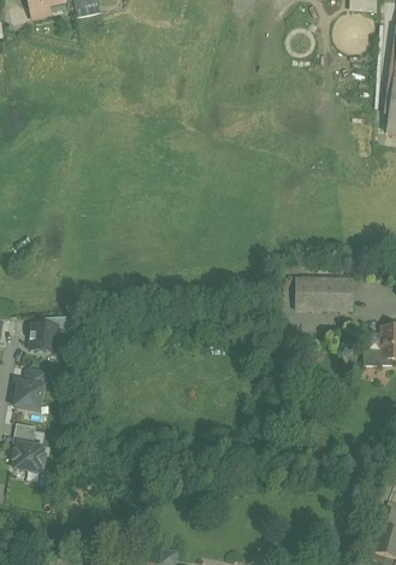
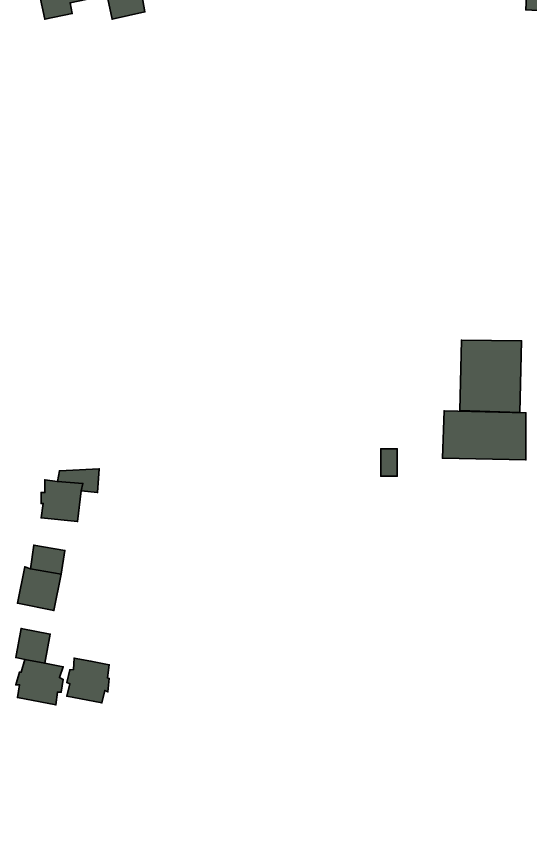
building: none -> [460,340,521,413]
building: none -> [67,658,109,703]

